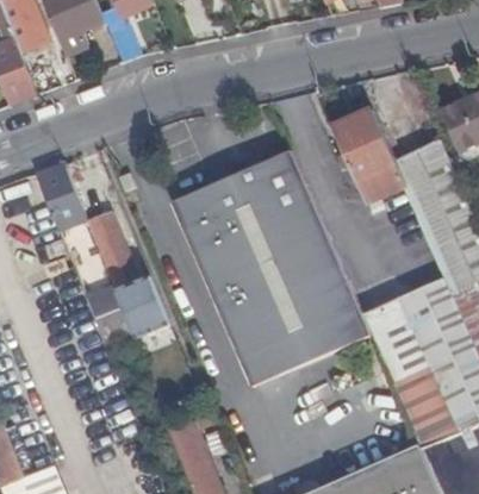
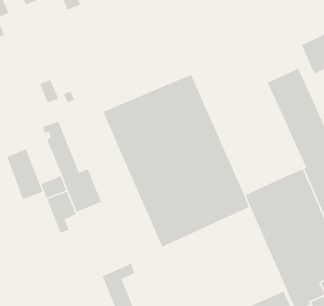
building: [332,108,406,202] -> none
building: [37,161,88,231] -> [6,149,44,200]

